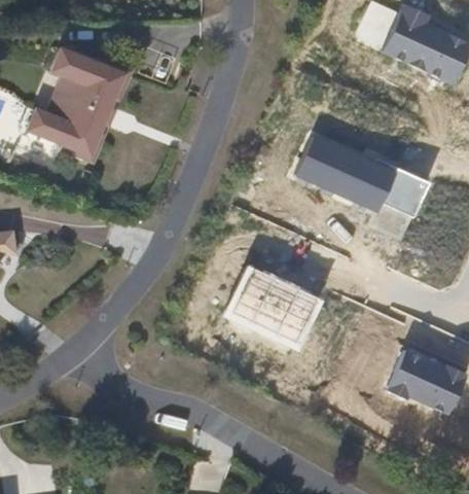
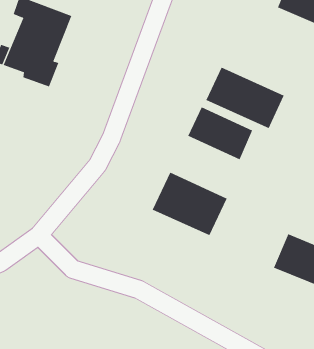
building: [381,170,429,217] -> none
building: none -> [188,106,253,160]

